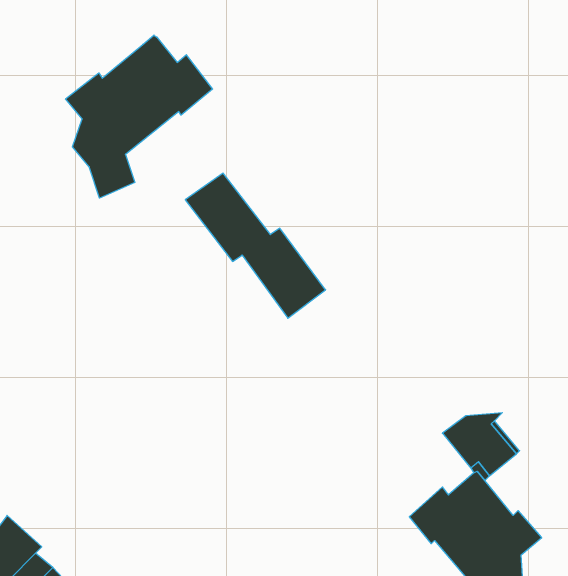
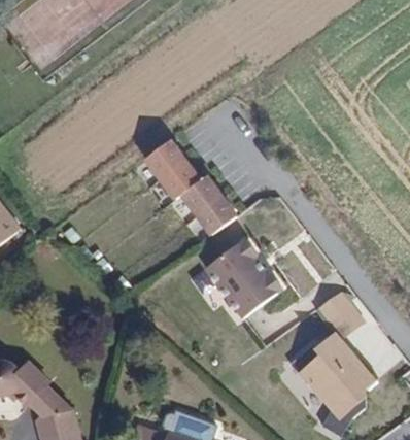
building: [66,35,213,198] -> none
building: none -> [192,238,282,321]

